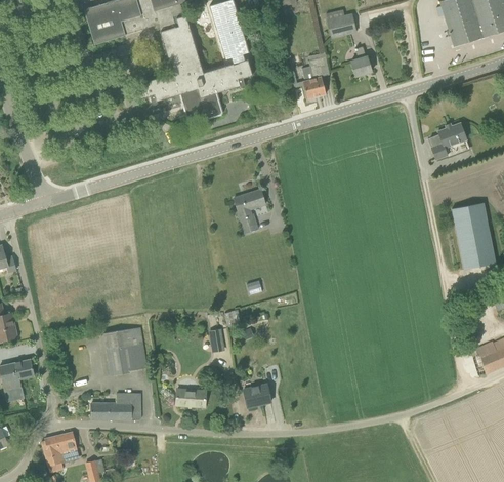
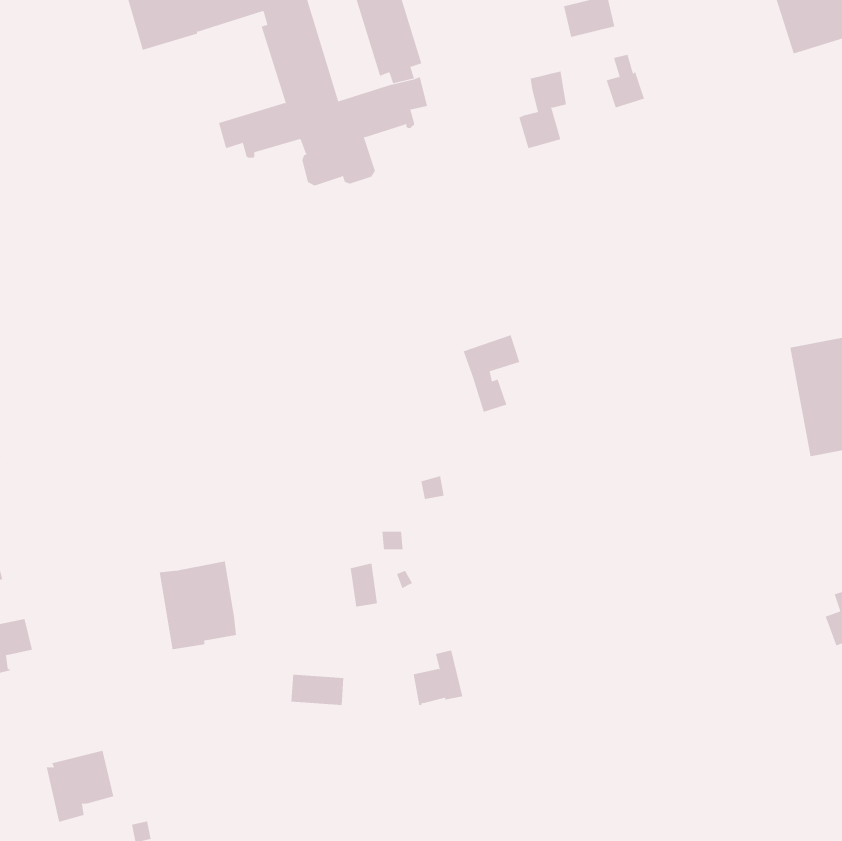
building: [427,122,466,159] -> none
building: [234,189,265,232] -> [463,334,520,412]
building: [91,394,140,418] -> none

